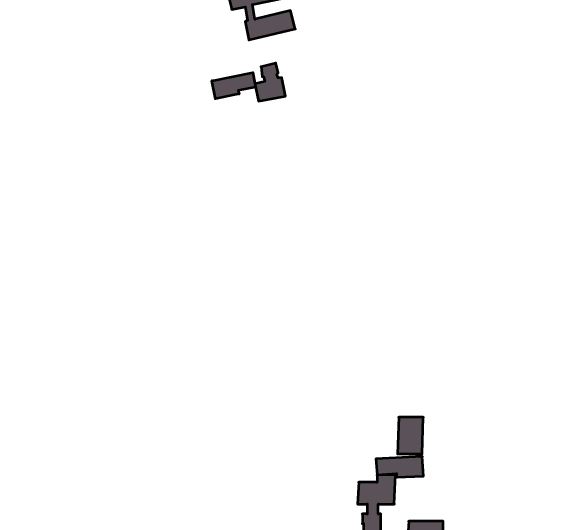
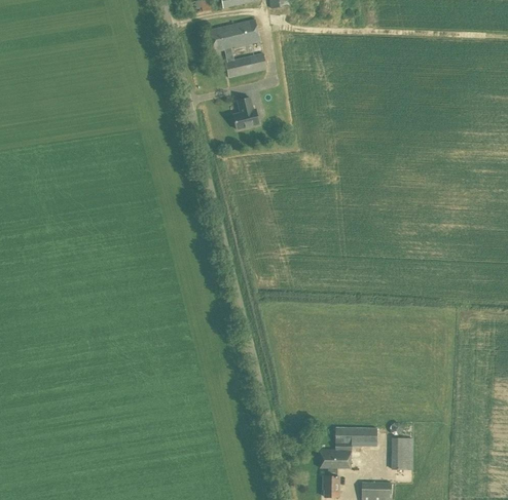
building: [212,73,256,99] -> none
building: [398,417,423,454] -> [391,437,412,468]

